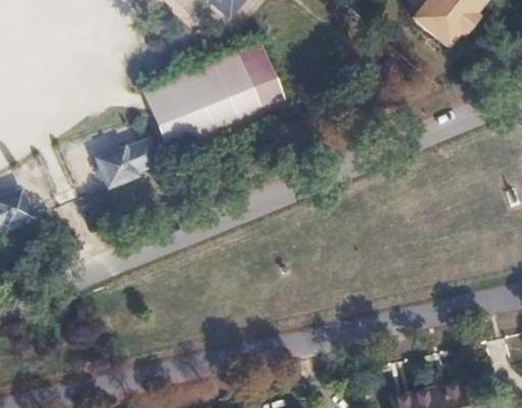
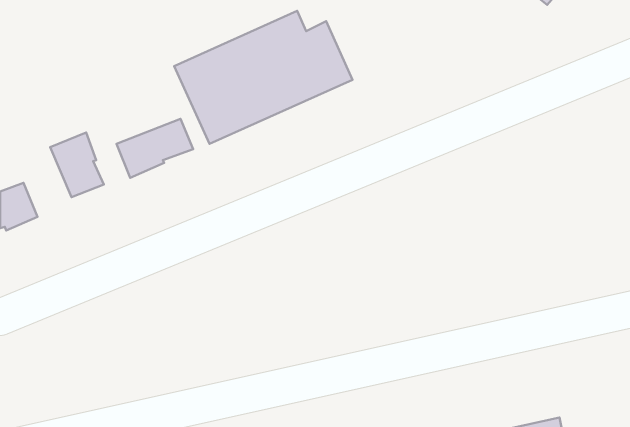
building: none -> [50,132,104,197]

